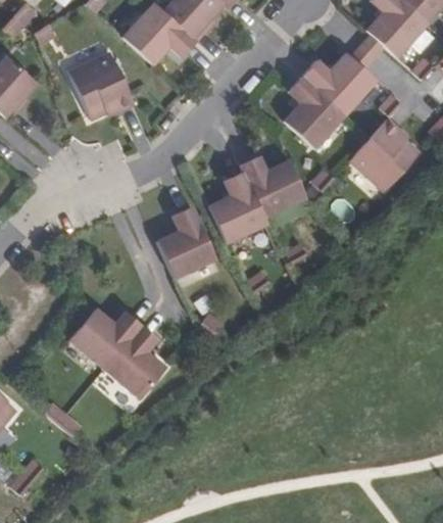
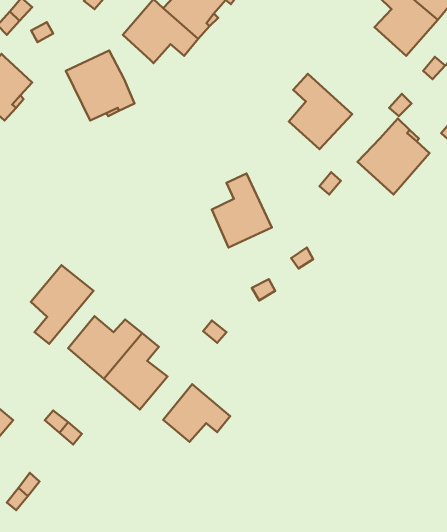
building: [302,52,376,113] -> none
building: [240,155,306,217] -> none
building: [157,205,216,277] -> none
building: none -> [31,265,94,344]
building: none -> [163,384,230,442]

